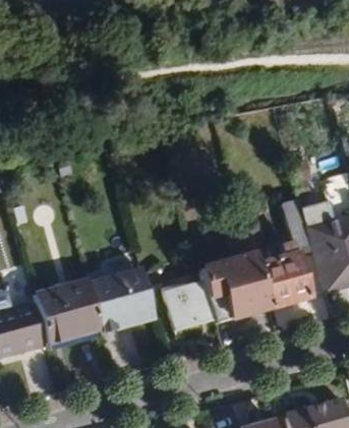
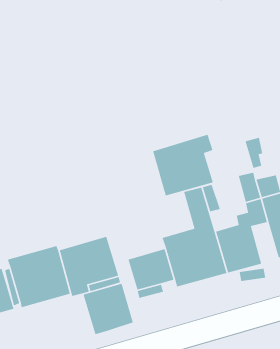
building: none -> [152,134,214,197]
building: none -> [83,283,134,335]

